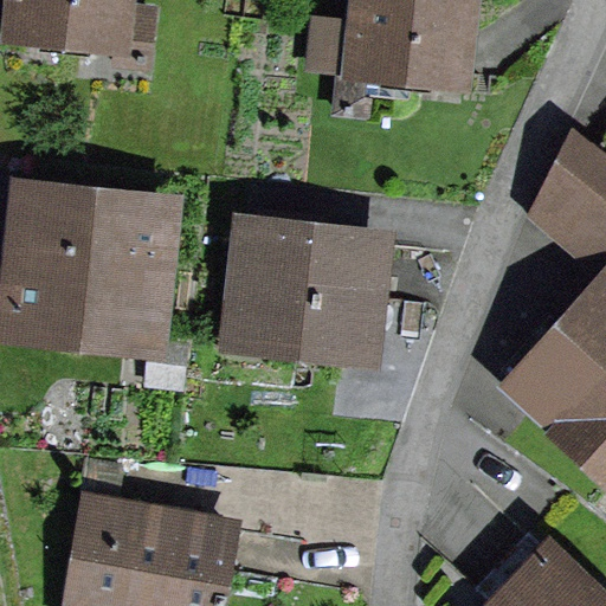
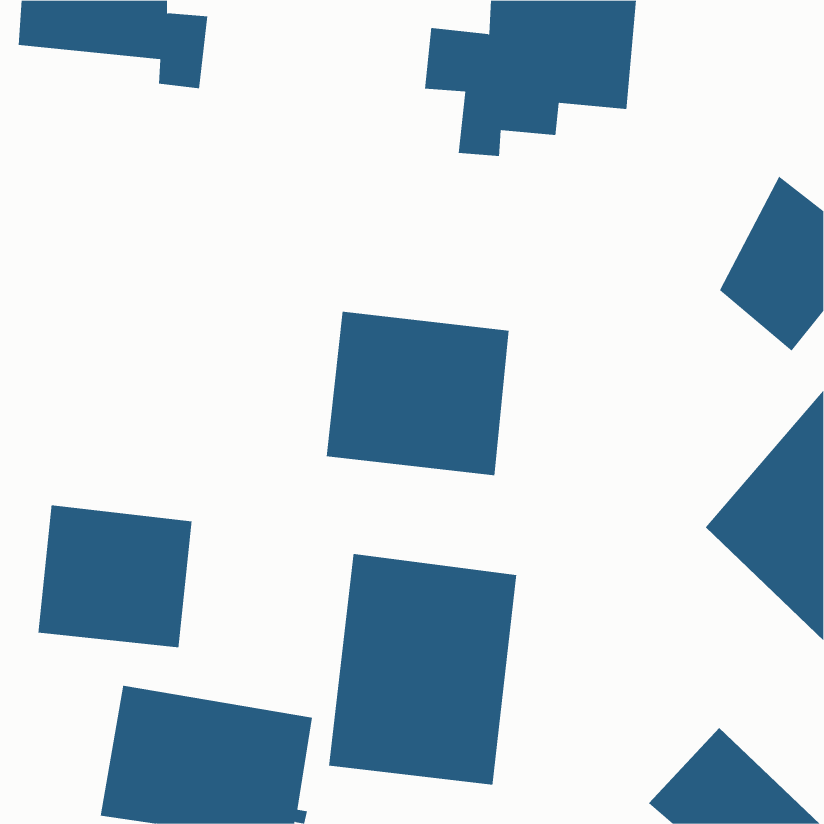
building: [20,205,156,330] -> none
building: none -> [38,505,192,648]
building: none -> [329,553,517,785]

